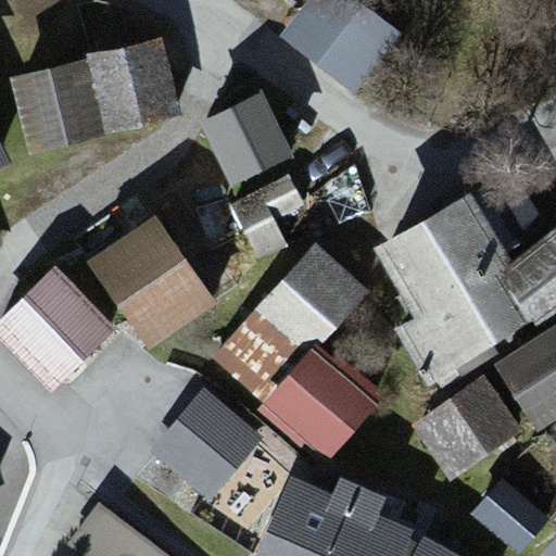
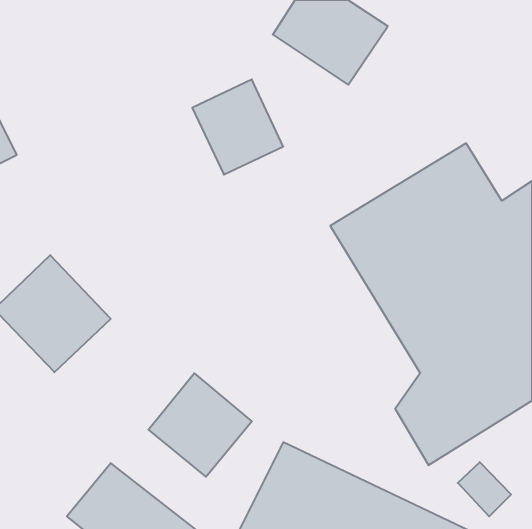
building: [10,37,181,156] -> none
building: [72,198,220,354] -> none
building: [216,245,389,462] -> none

